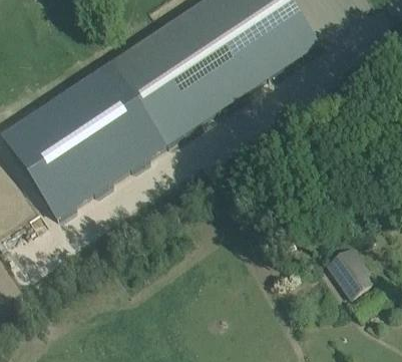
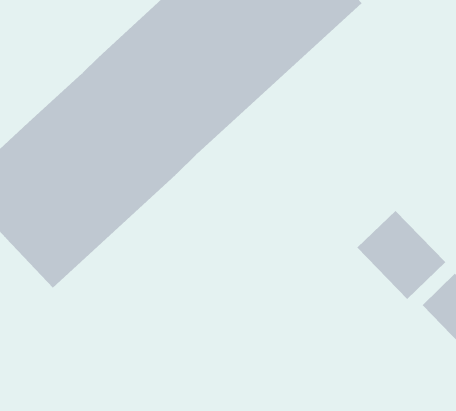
building: none -> [356,210,446,300]

